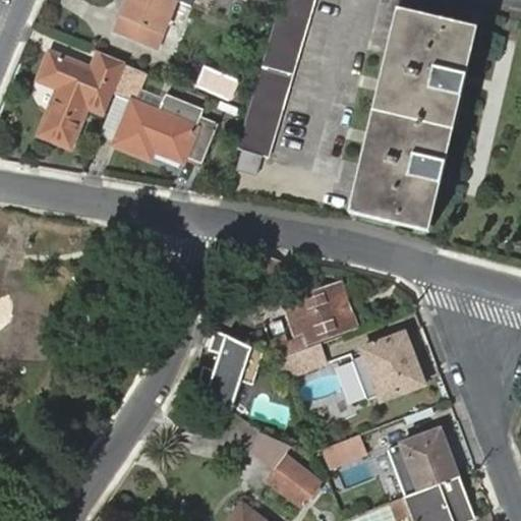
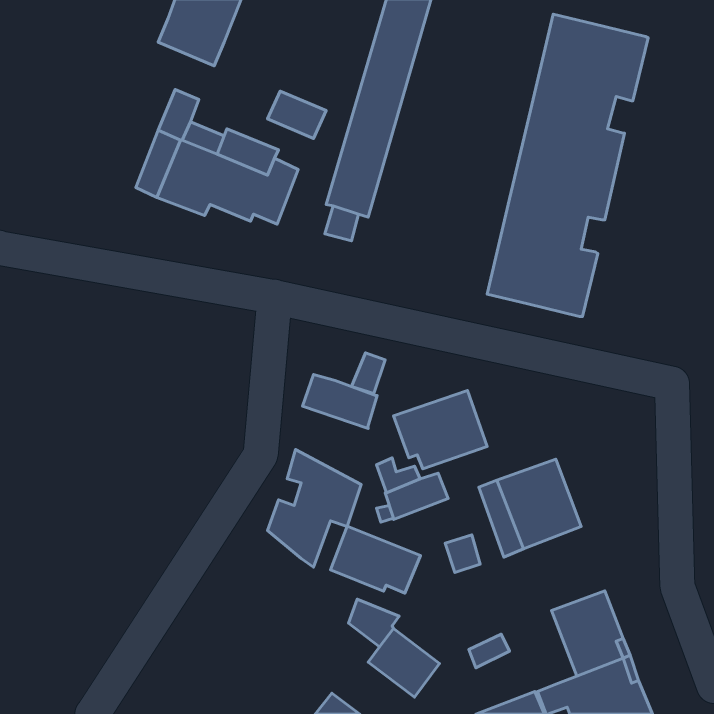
building: [40,51,125,146] -> none
building: none -> [303,375,377,429]
building: none -> [331,526,420,593]
building: [322,435,367,470] -> none

